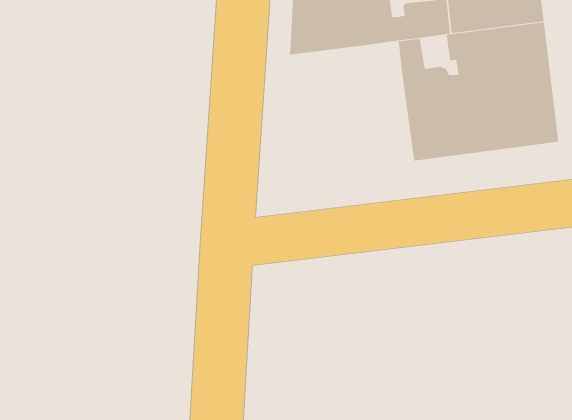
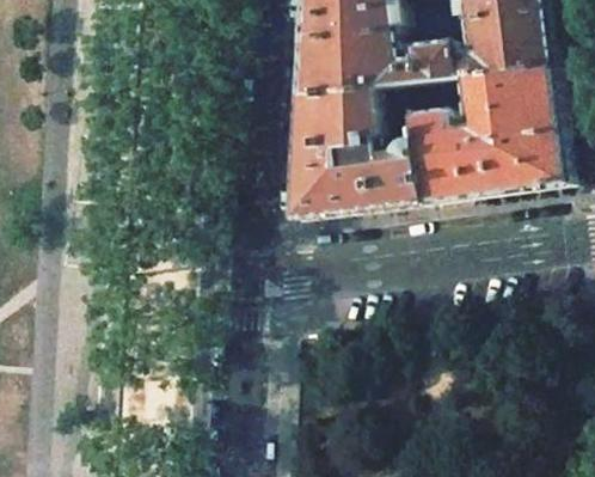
building: none -> [289,80,418,216]

